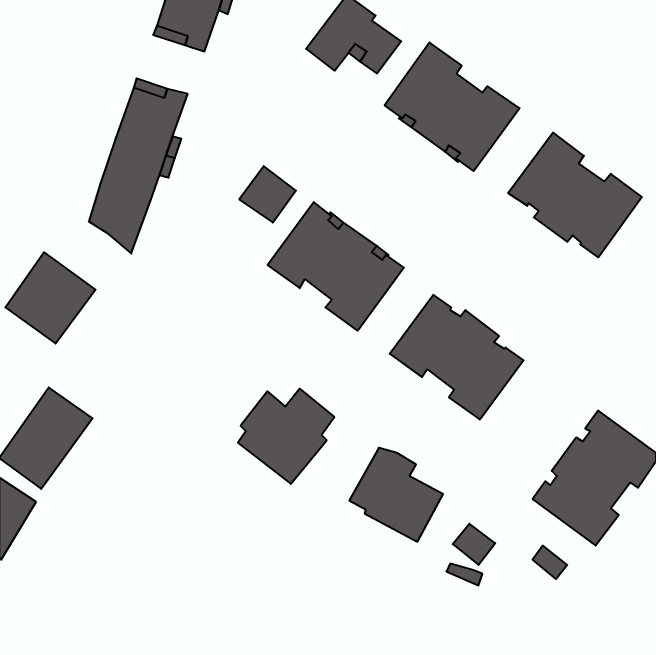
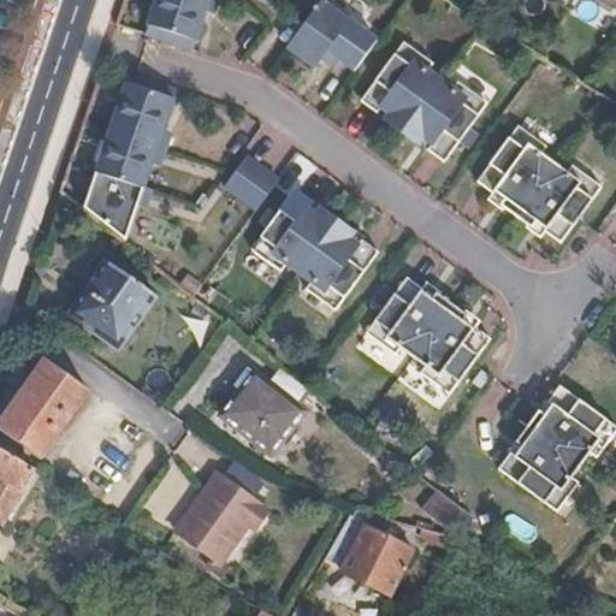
building: [5,252,96,344] -> [70,261,154,346]
building: [349,448,443,542] -> [325,508,413,596]
building: none -> [173,469,267,561]

